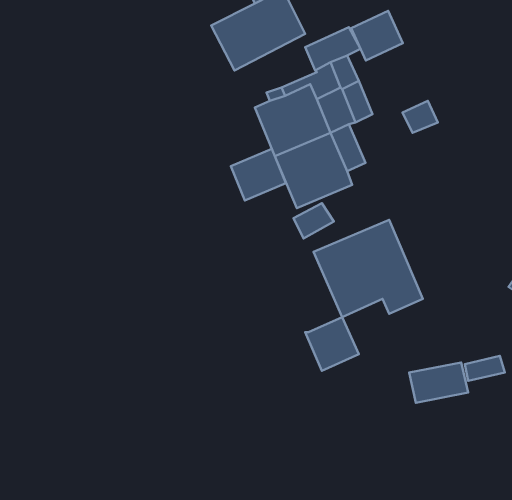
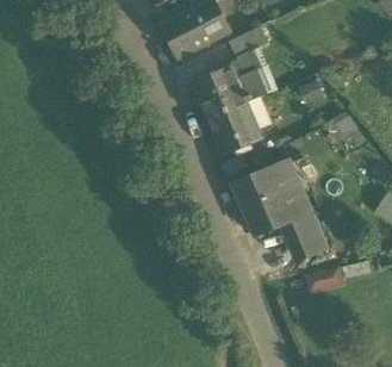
building: [351,11,403,61] -> none
building: [231,149,286,200] -> none
building: [305,317,359,371] -> [286,219,324,257]

